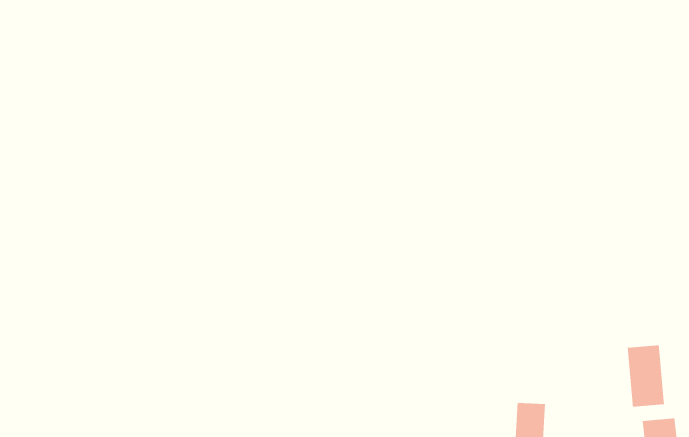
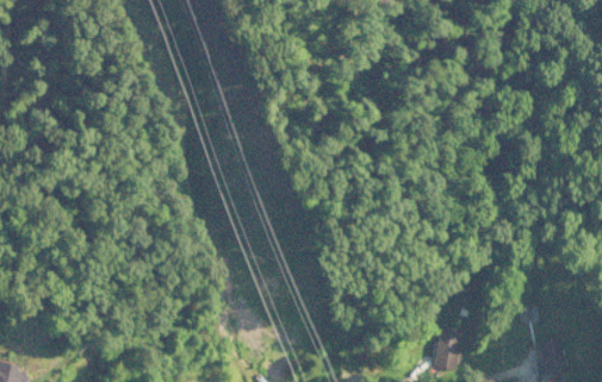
building: [627,345,665,408] -> none

